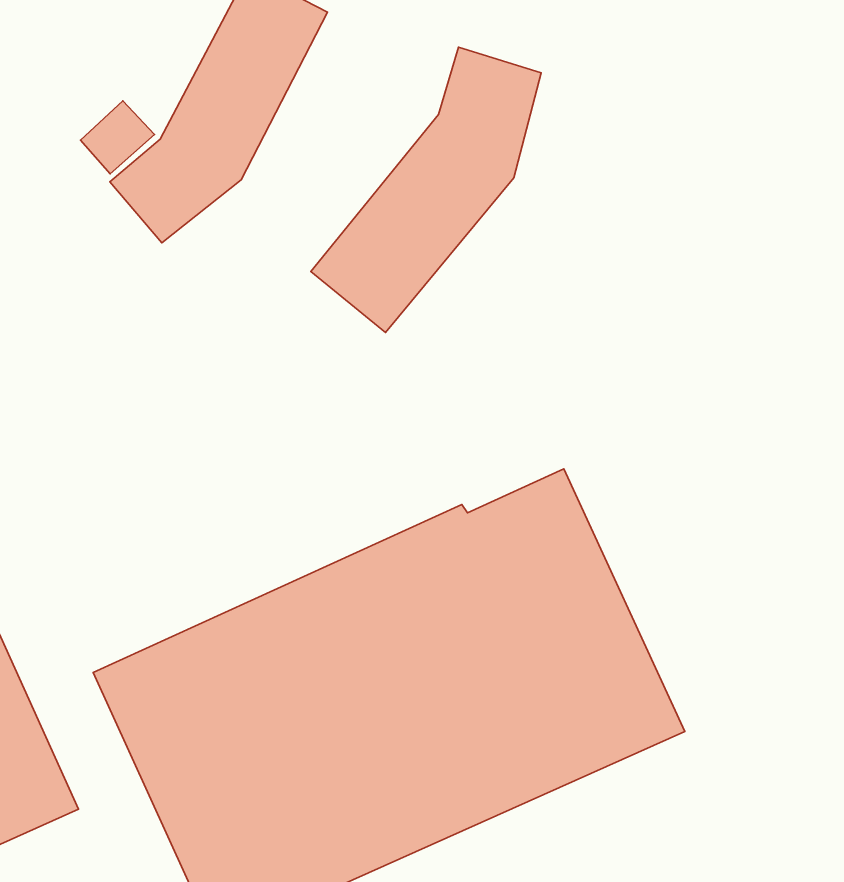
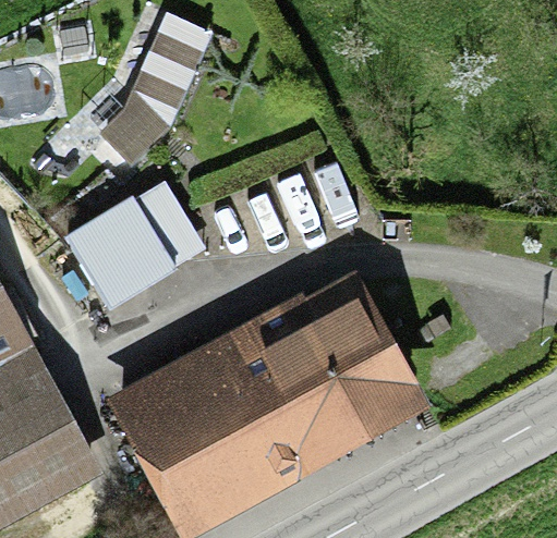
building: [311,47,541,333] -> none
building: none -> [63,179,205,313]

